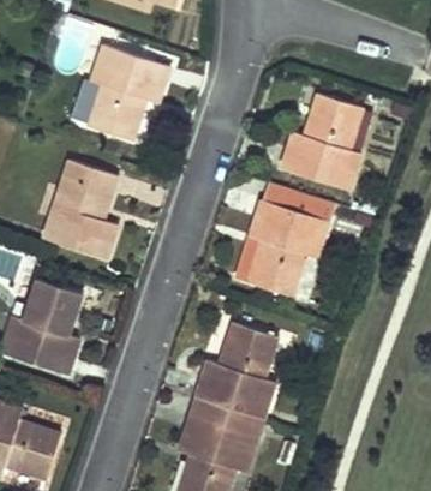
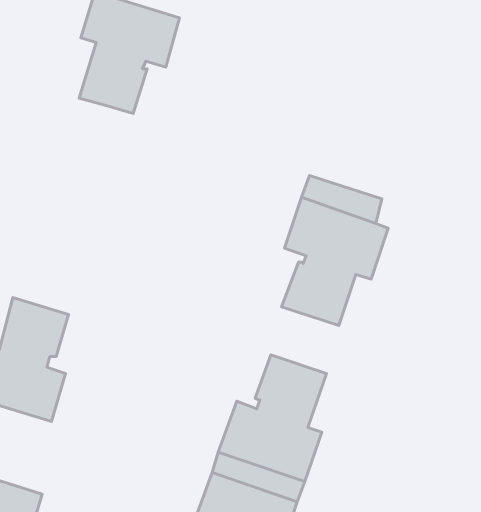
building: [280,96,363,192] -> none
building: [41,157,115,255] -> none

